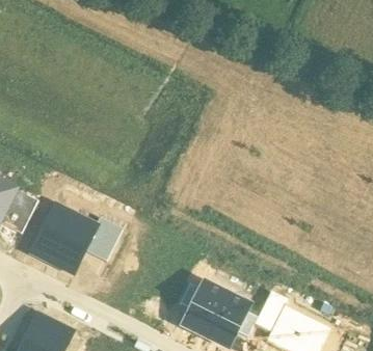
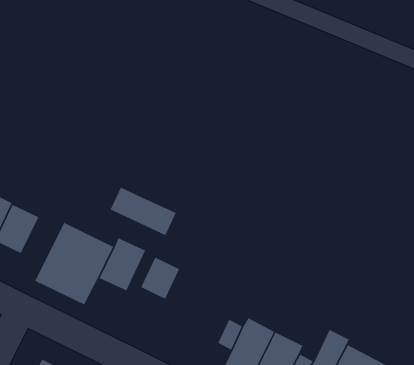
building: none -> [110,186,177,236]
building: none -> [140,257,180,300]

